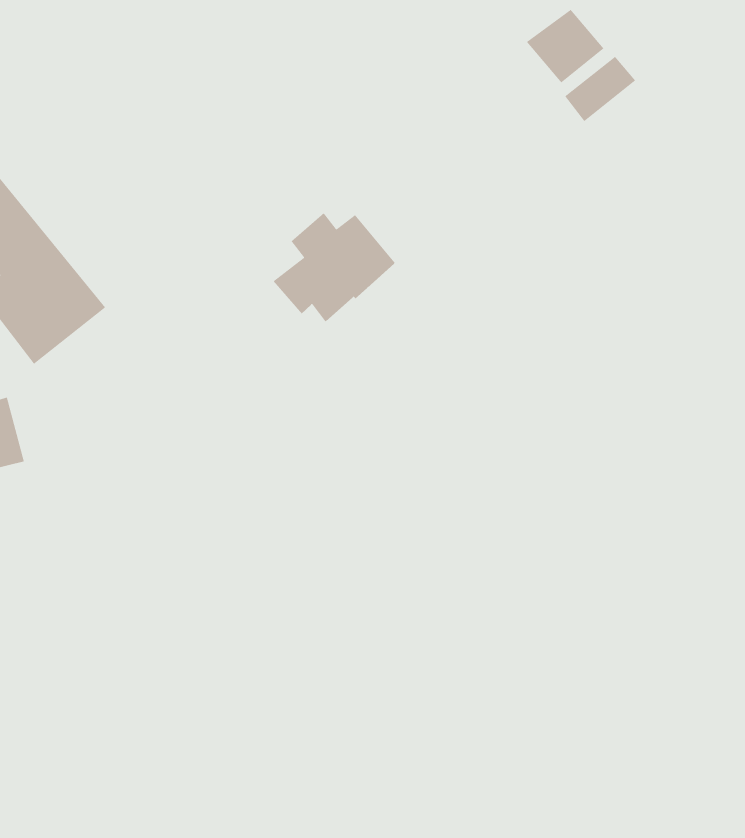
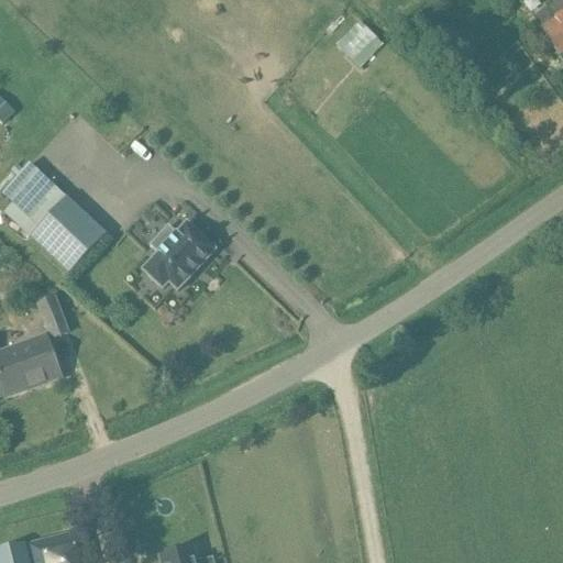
building: [564,56,636,122] -> none
building: [272,212,397,323] -> [142,221,214,288]

